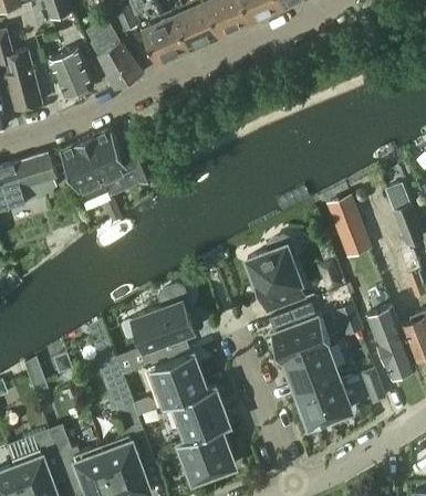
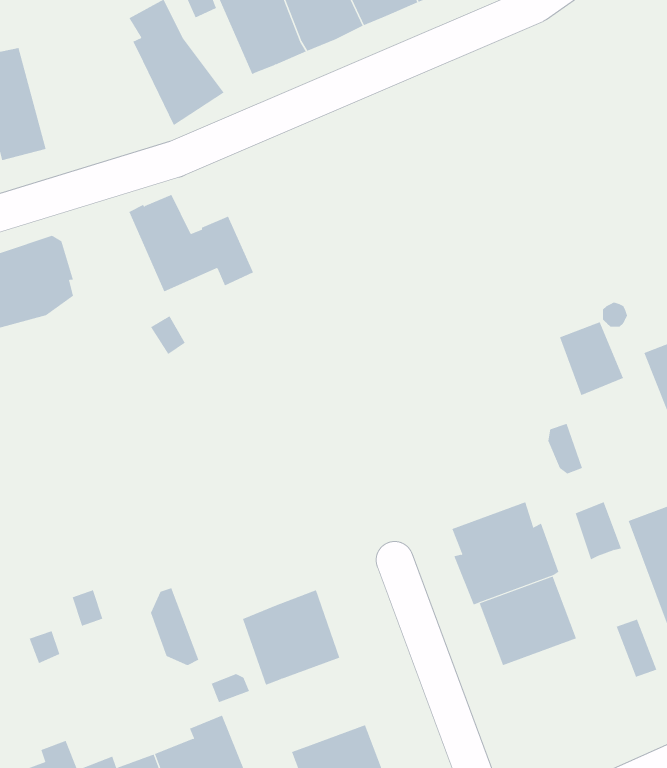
building: [49,49,92,98] -> none
building: [61,140,110,203] -> none
building: [247,238,304,313] -> none
building: [132,286,194,363] -> none
building: [297,381,351,428] -> none
building: [173,389,229,442] -> none

